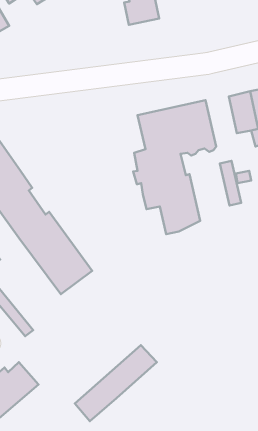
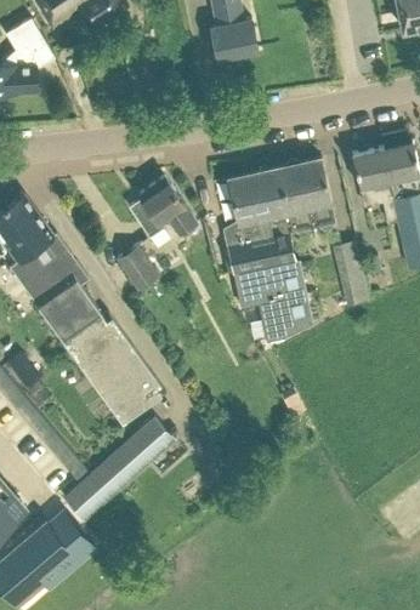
building: none -> [127,177,194,238]
building: none -> [114,244,158,292]
building: [75,345,157,421] -> [63,417,175,520]

